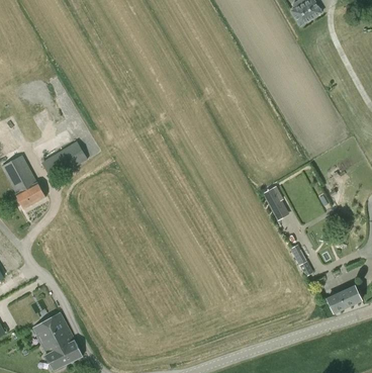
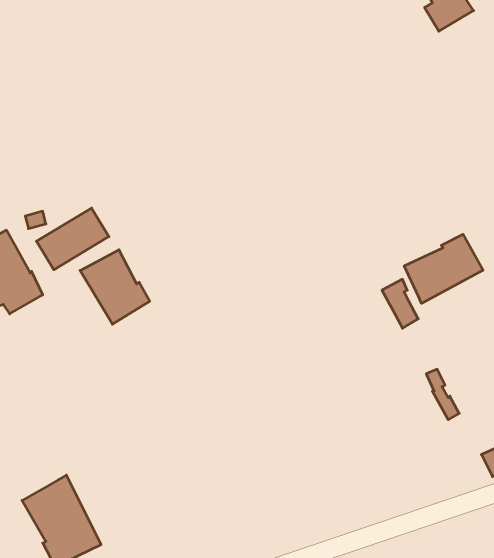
building: none -> [404,234,483,303]
building: none -> [80,250,150,324]

